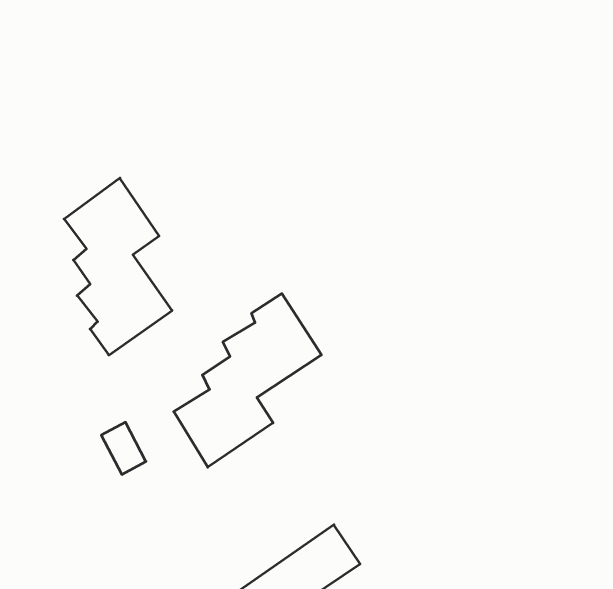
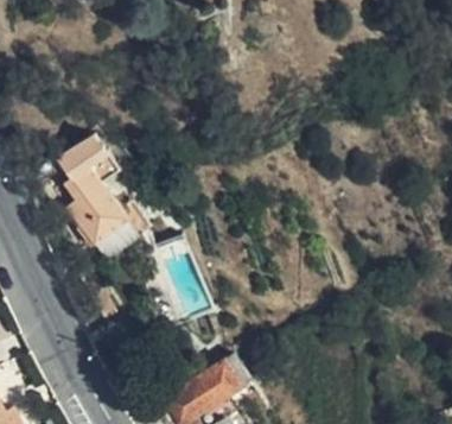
building: [174,294,321,467] -> none

